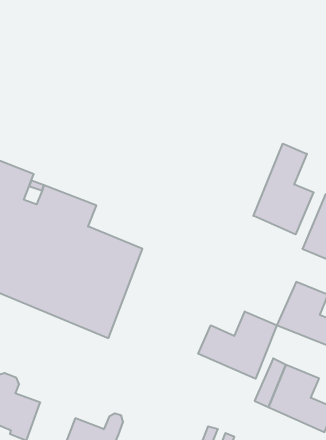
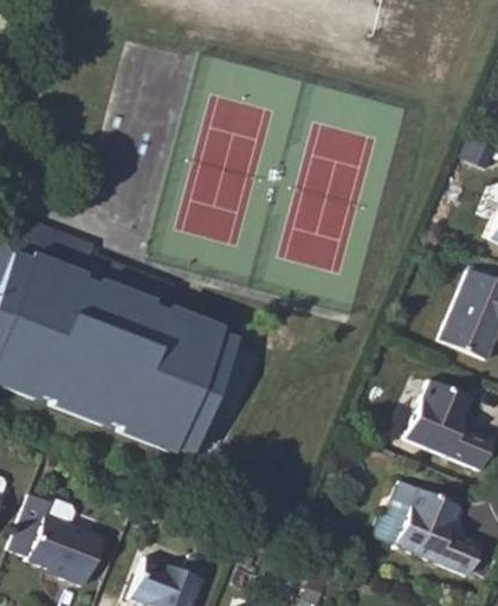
building: [253,144,314,234] -> none
building: [198,311,277,379] -> none

